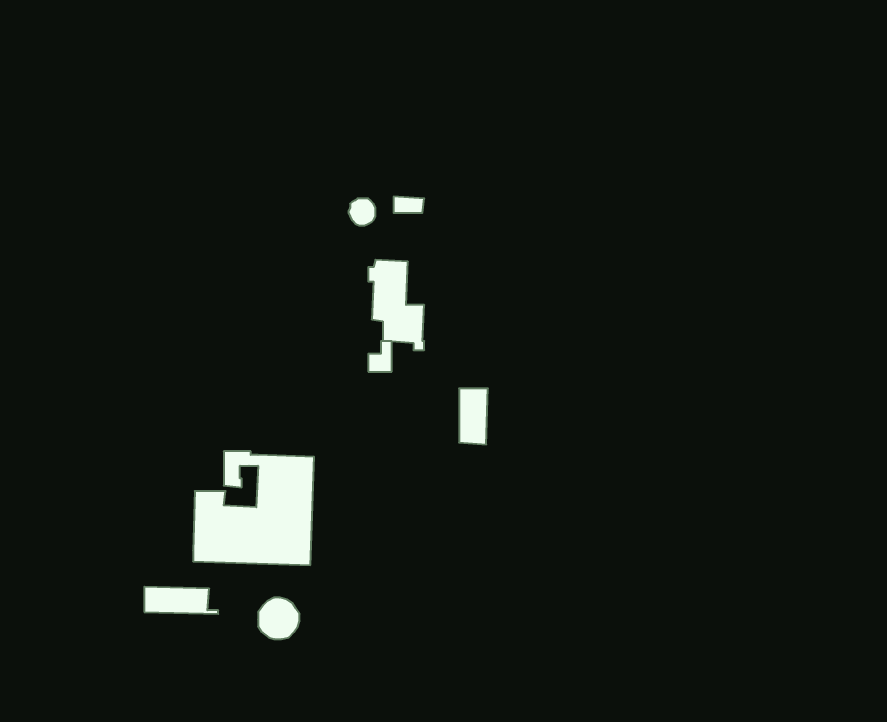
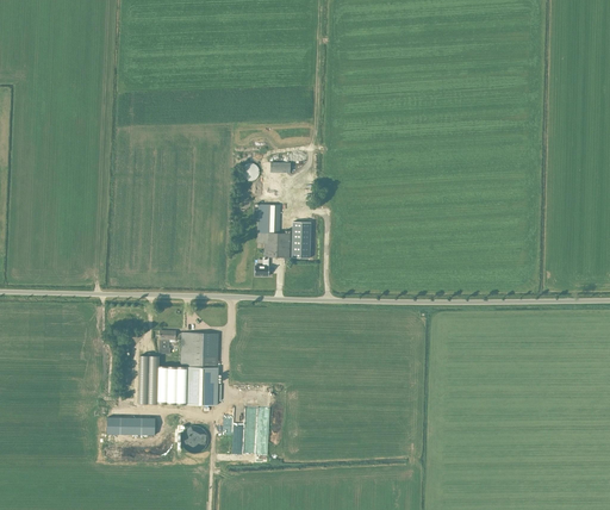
building: [459,388,488,444] -> [295,220,315,257]
building: none -> [234,404,257,453]

